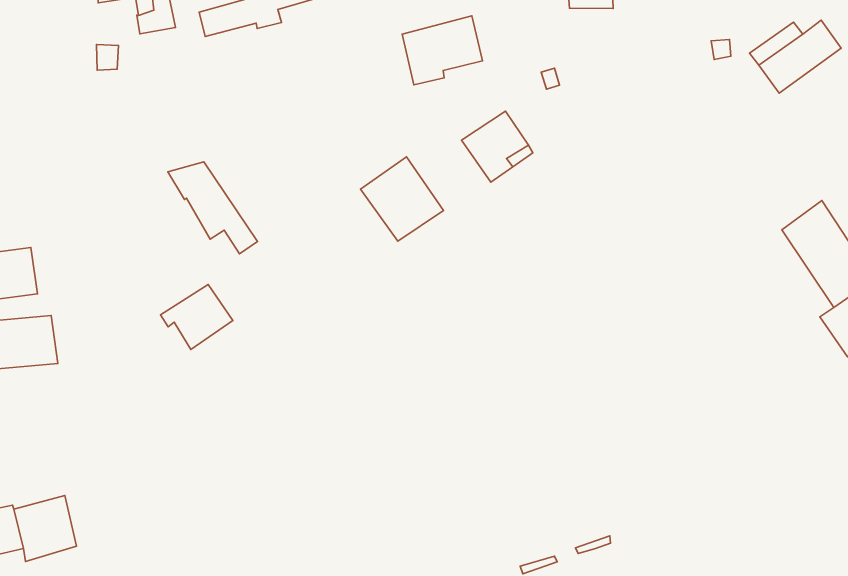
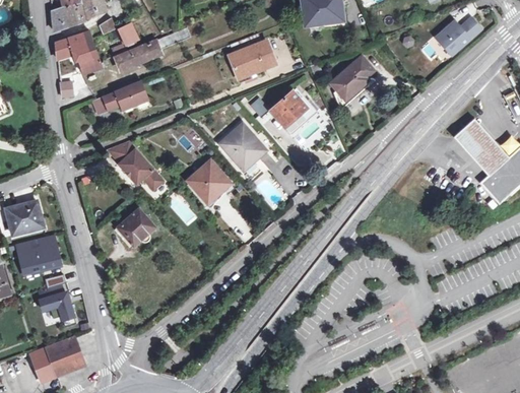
building: none -> [329,54,377,108]
building: none -> [93,82,146,114]
building: none -> [190,160,228,204]
building: none -> [39,285,75,327]

